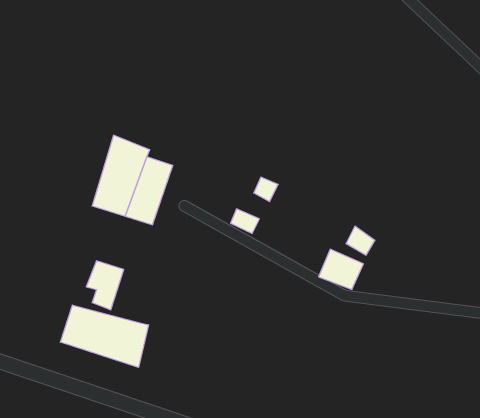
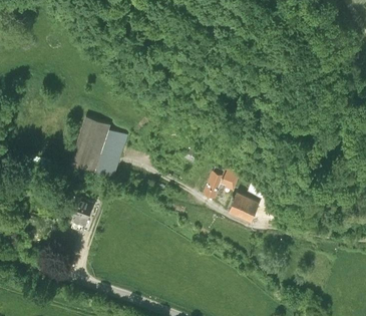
building: none -> [205,166,239,197]
building: [60,305,148,367] -> none

